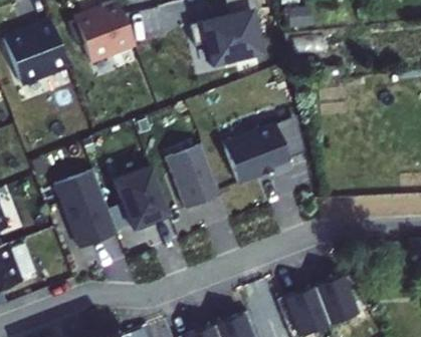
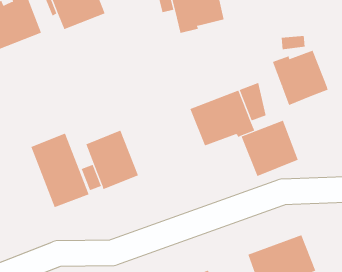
building: none -> [272,50,328,106]
building: [167,143,222,208] -> none
building: none -> [241,120,298,177]

